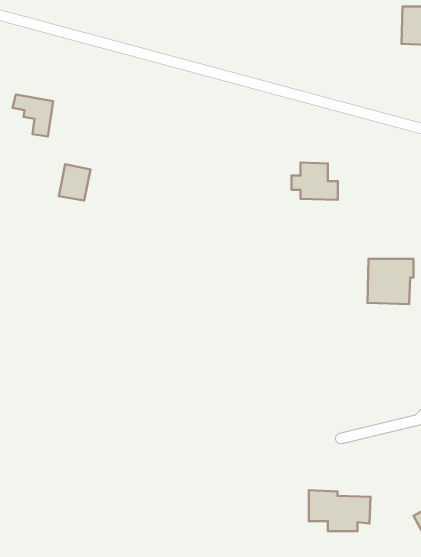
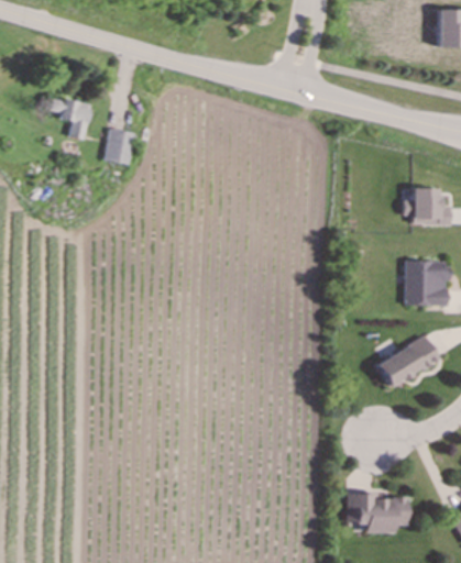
building: [292,162,338,200] -> [404,188,450,225]
building: [59,164,91,200] -> [105,129,136,165]
building: none -> [377,336,440,388]

